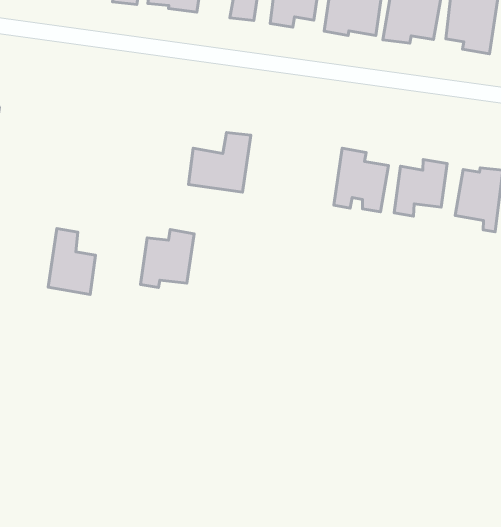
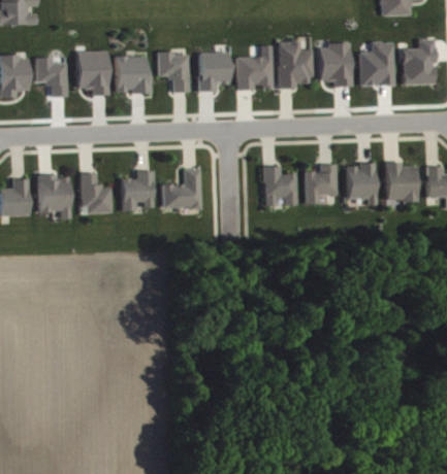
building: none -> [38,175,70,219]
building: [48,229,95,294] -> [82,173,111,213]
building: [141,230,194,288] -> [122,171,154,211]

